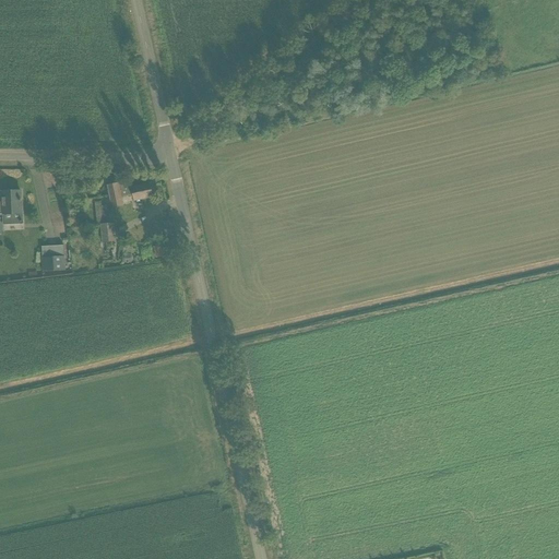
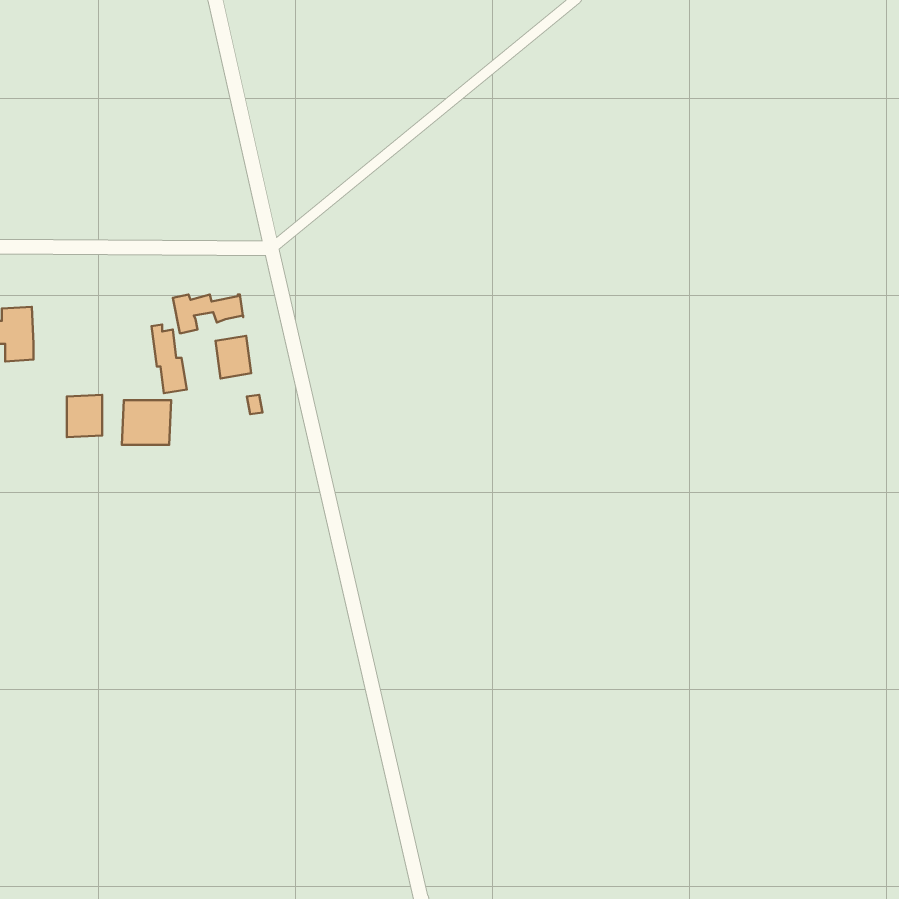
building: none -> [216,336,251,378]
building: none -> [122,400,171,445]

